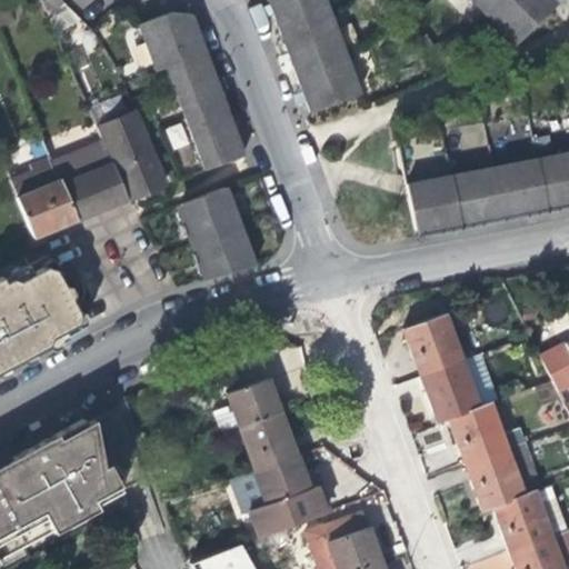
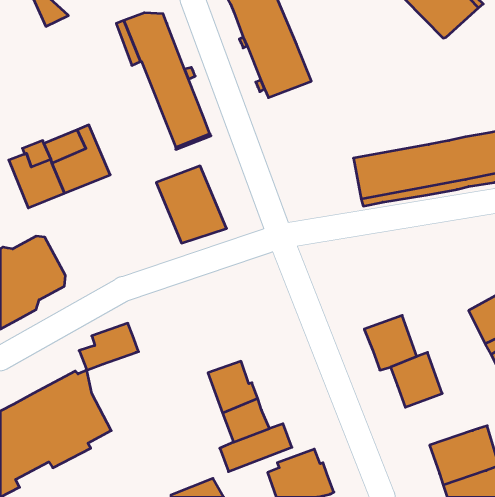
building: [99,111,167,199] -> none
building: [403,313,462,375] -> none
building: [214,378,282,431] -> [79,323,139,370]
building: [466,439,549,511] -> none
building: [233,470,270,512] -> none

